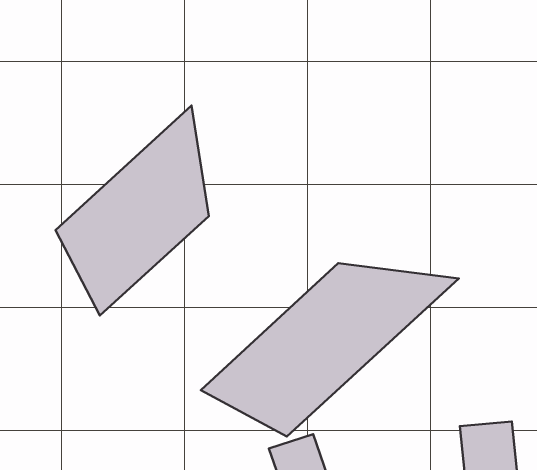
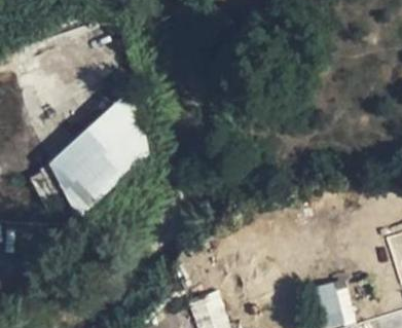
building: [201,263,459,437] -> none

